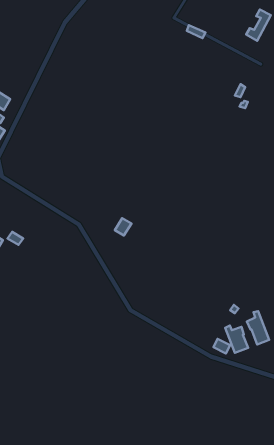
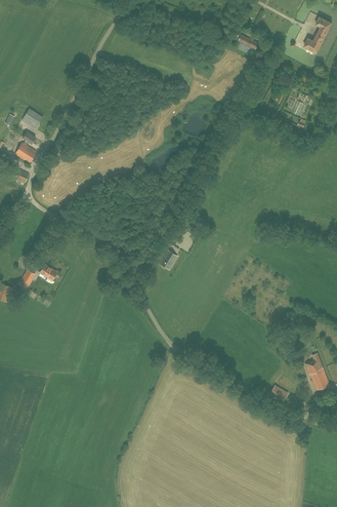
building: [225,325,248,353] -> none

